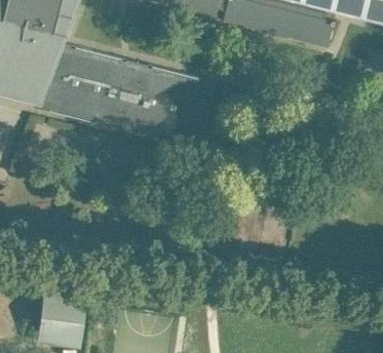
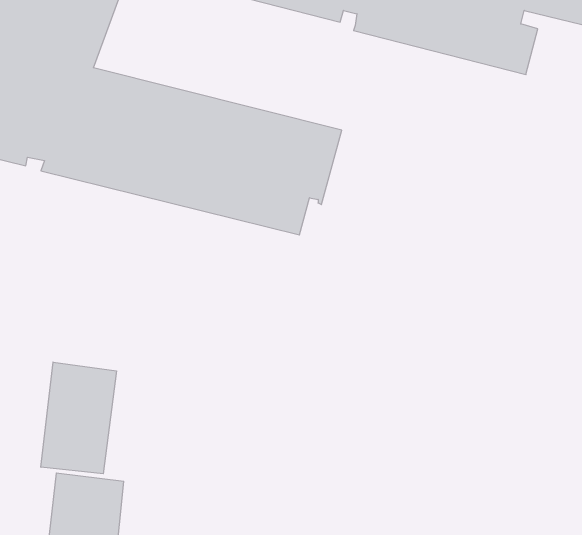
building: none -> [41,362,116,474]

